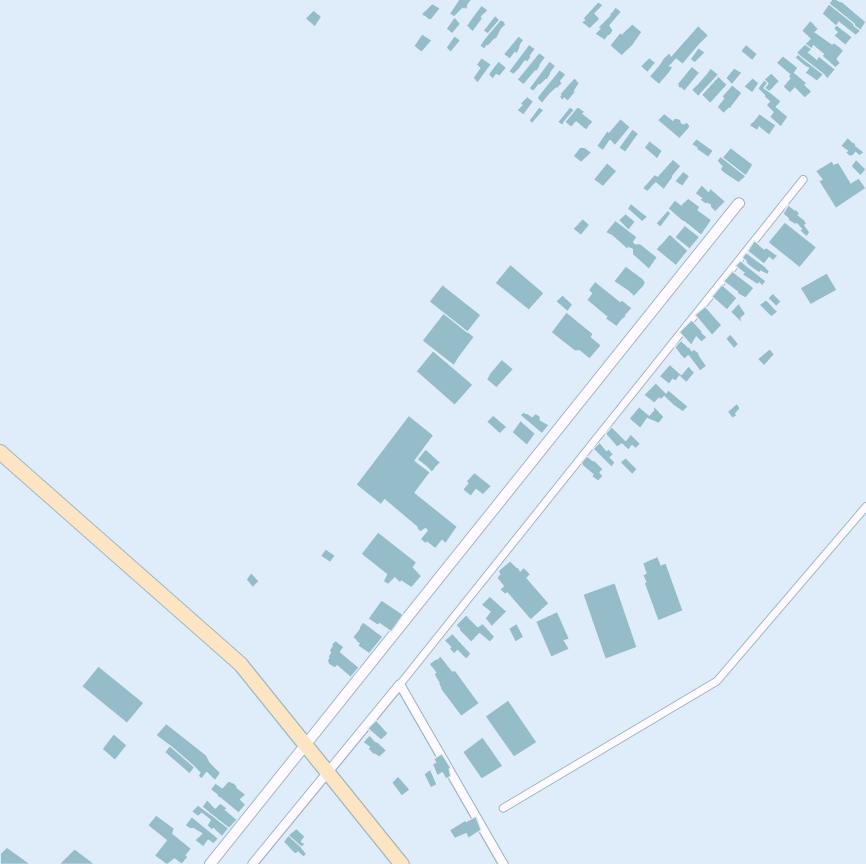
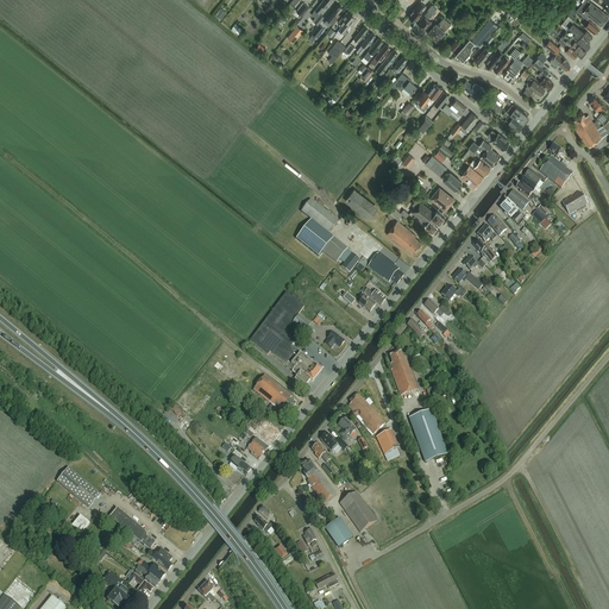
building: [416,350,473,406] -> none
building: none -> [368,251,403,284]
building: [642,556,683,621] -> [390,351,419,396]

